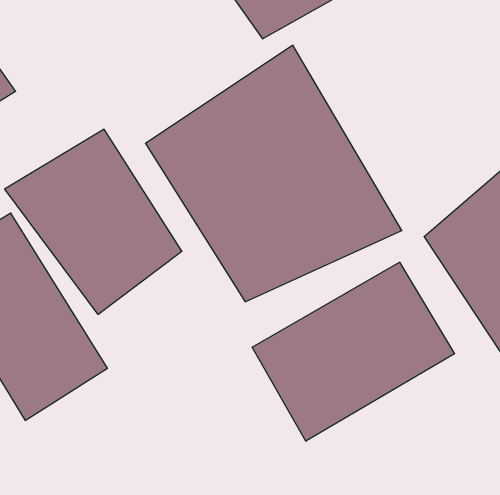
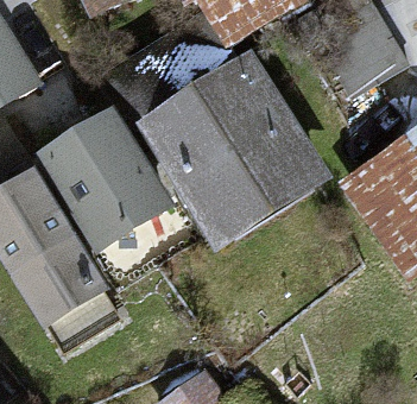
building: [252,262,455,441] -> none

